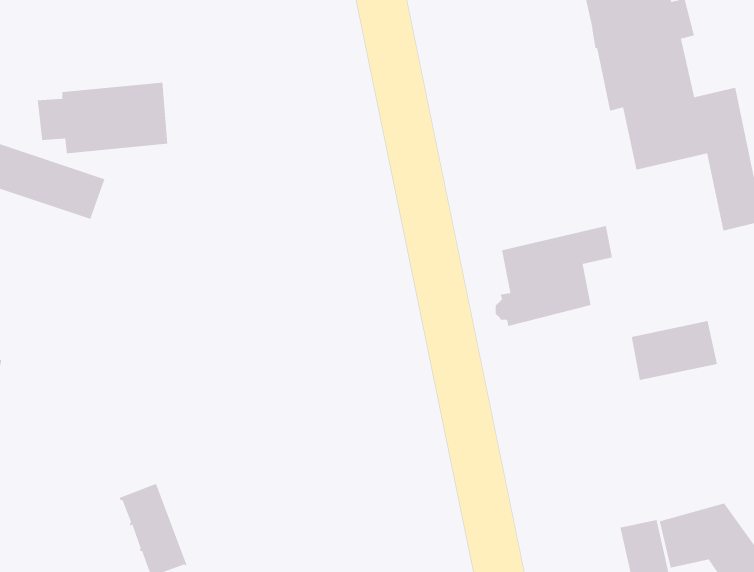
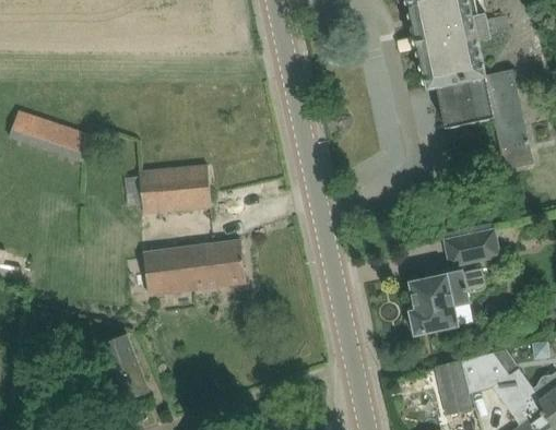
building: [37,82,168,154] -> [123,165,211,213]
building: [495,225,613,327] -> [407,266,486,334]
building: none -> [143,240,246,295]

